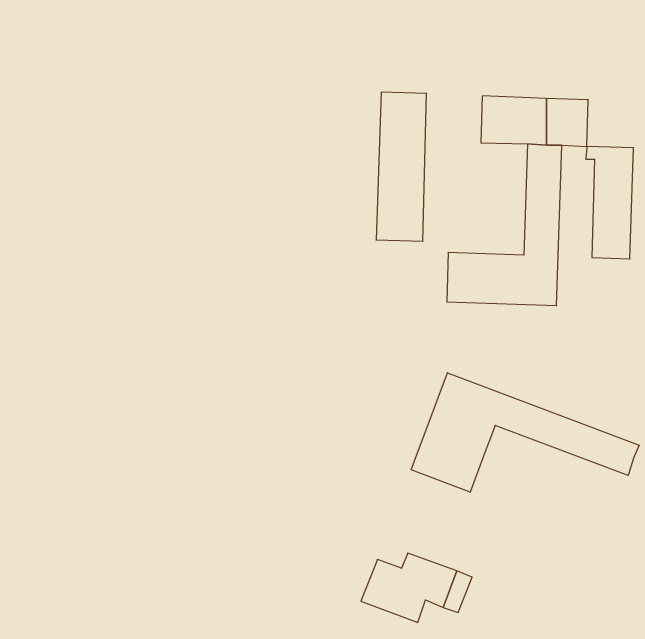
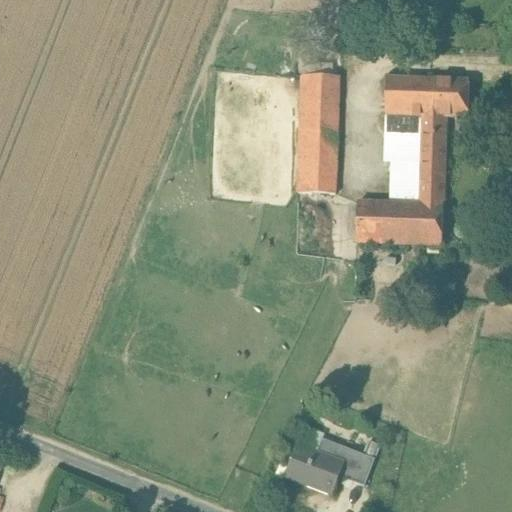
building: [586,146,634,259] -> [380,113,418,202]
building: [411,373,639,492] -> none

